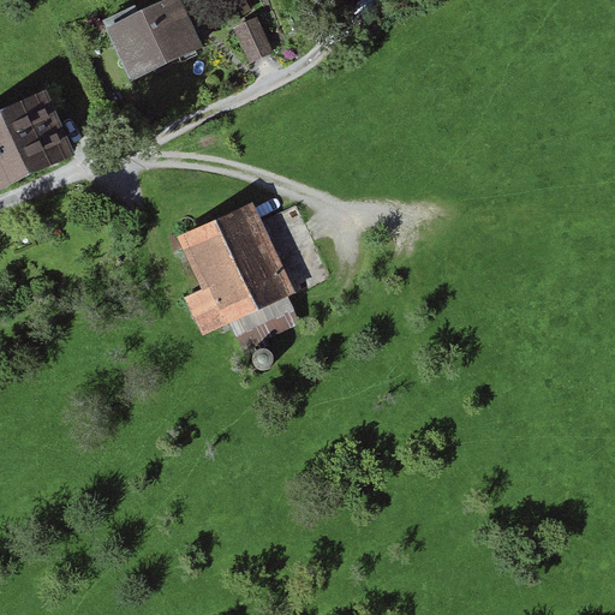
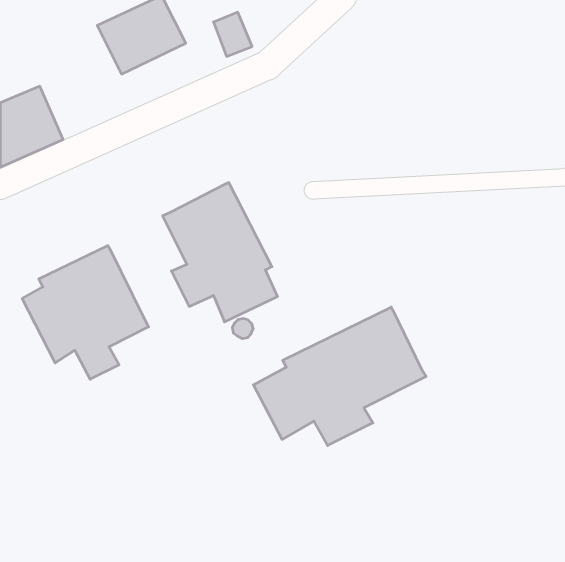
building: none -> [22,246,149,379]
building: none -> [253,307,426,446]

